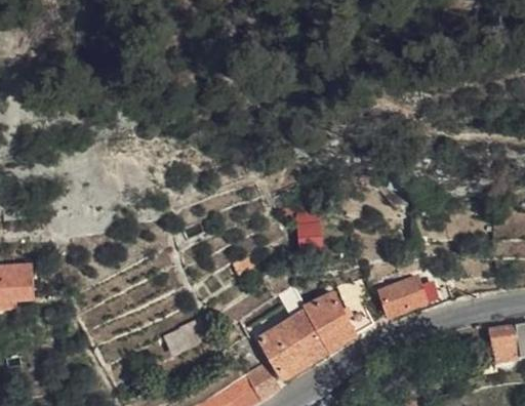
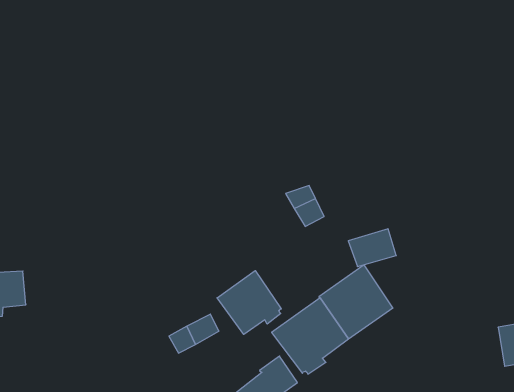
building: [385,273,429,307] -> [348,229,396,267]
building: none -> [217,271,281,334]

